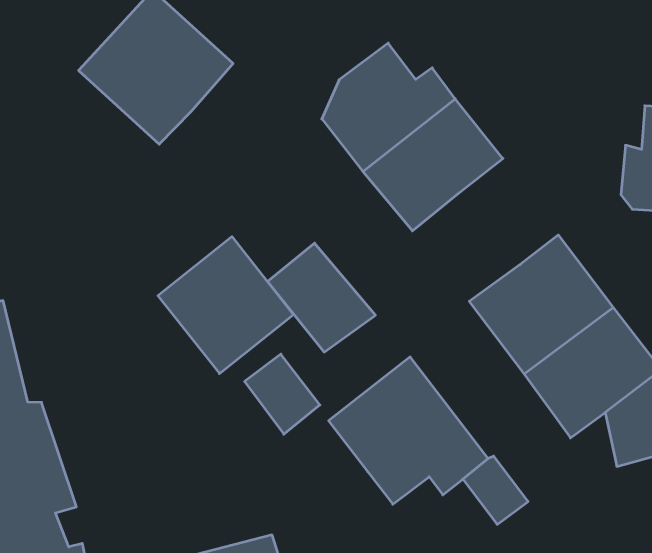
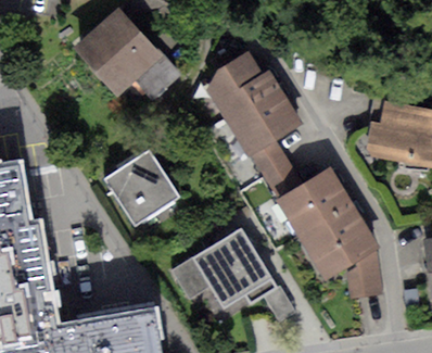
building: none -> [135,53,181,99]
building: [268,243,375,352] -> [250,138,307,199]
building: [245,354,320,434] -> [170,256,211,301]

